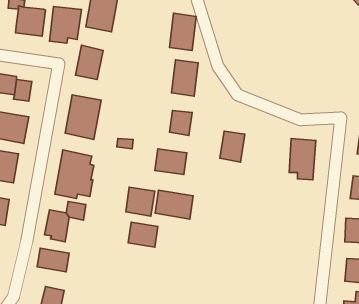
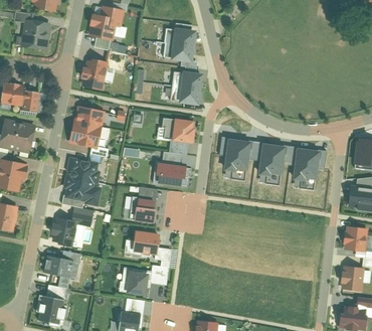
building: [49,6,81,43] -> none
building: none -> [256,147,277,174]
building: [155,190,193,219] -> none
building: none -> [125,272,148,297]

